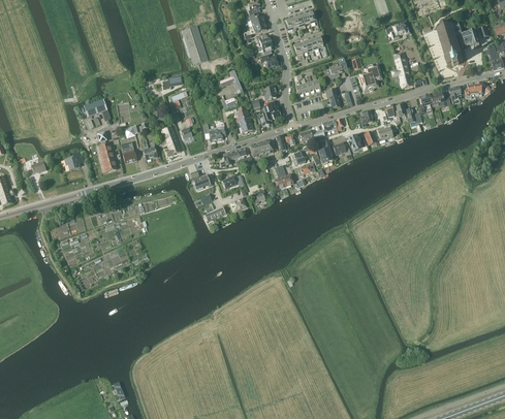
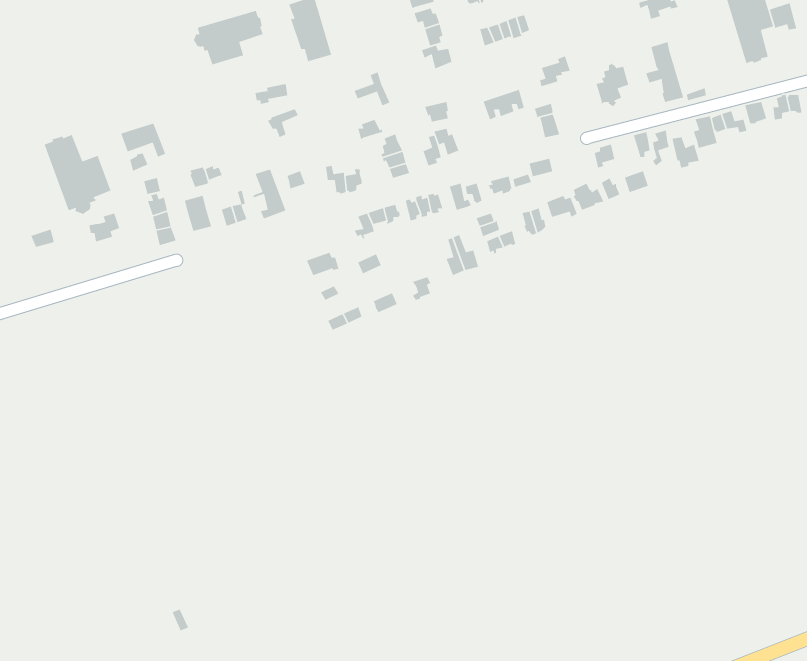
building: none -> [193,10,264,66]
building: none -> [44,134,112,215]

